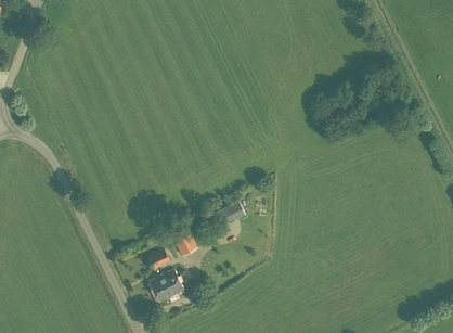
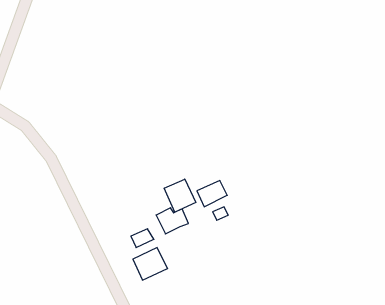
building: none -> [164,179,196,212]

